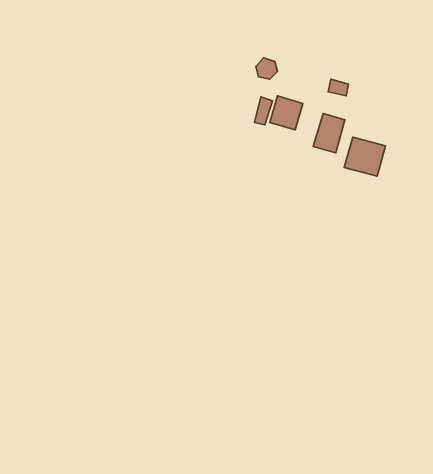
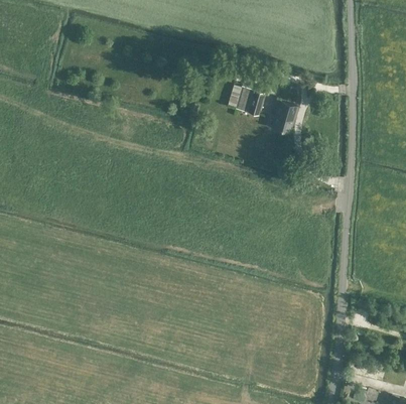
building: [344,137,385,176] -> none

